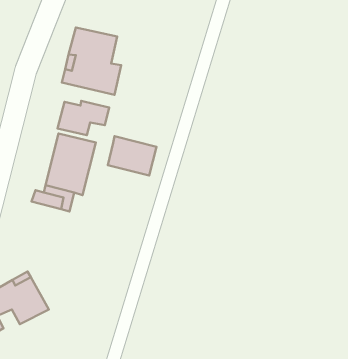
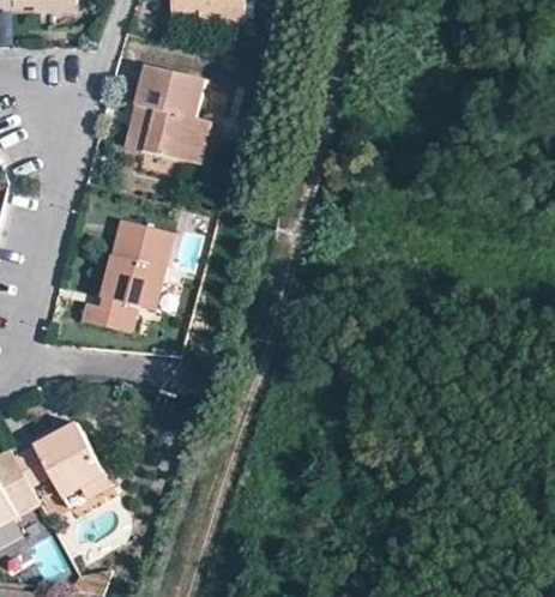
building: [58,101,109,135] -> none
building: [108,136,157,175] -> none

